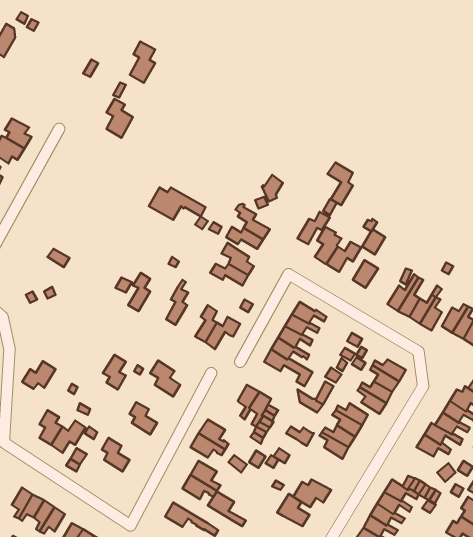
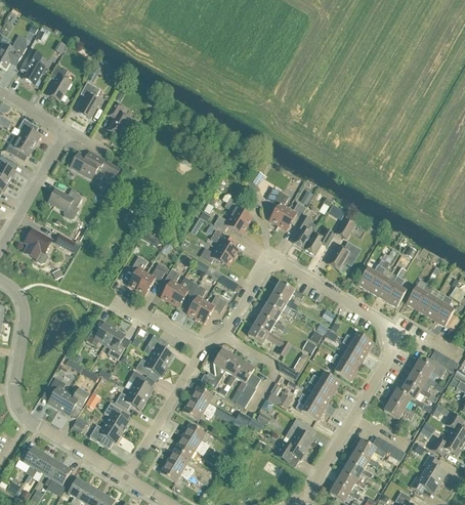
building: none -> [20,48,47,84]
building: [130,41,155,83] -> [78,81,100,118]
building: none -> [47,64,71,100]
building: [327,162,353,205] -> [265,186,288,224]
building: [149,188,205,220] -> [70,150,120,178]
building: none -> [48,187,83,219]
building: none -> [25,227,51,262]
building: none -> [136,261,169,294]
building: none -> [169,276,202,306]
building: [22,361,56,389] -> [85,321,115,345]
building: none -> [201,348,233,387]
building: none -> [135,354,167,375]
building: none -> [115,388,146,409]
building: none -> [89,421,122,447]
building: [208,492,246,526] -> [167,447,201,477]
building: [277,494,309,526] -> [285,419,313,448]

